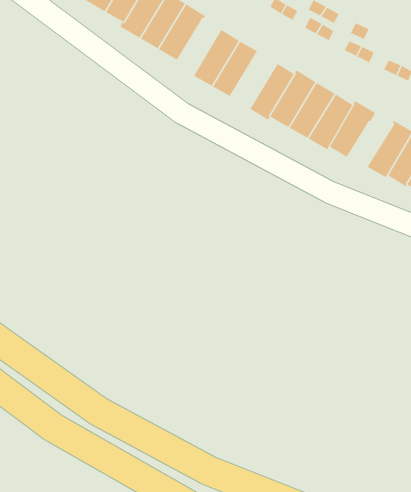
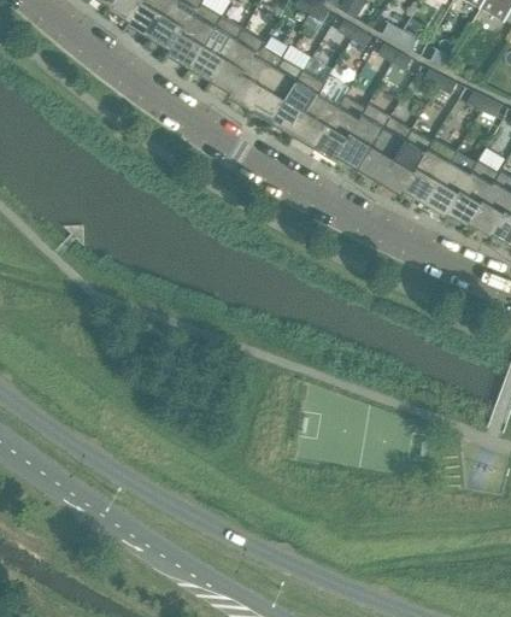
building: none -> [229,45,282,110]
building: none -> [293,82,346,147]
building: none -> [425,152,478,216]

